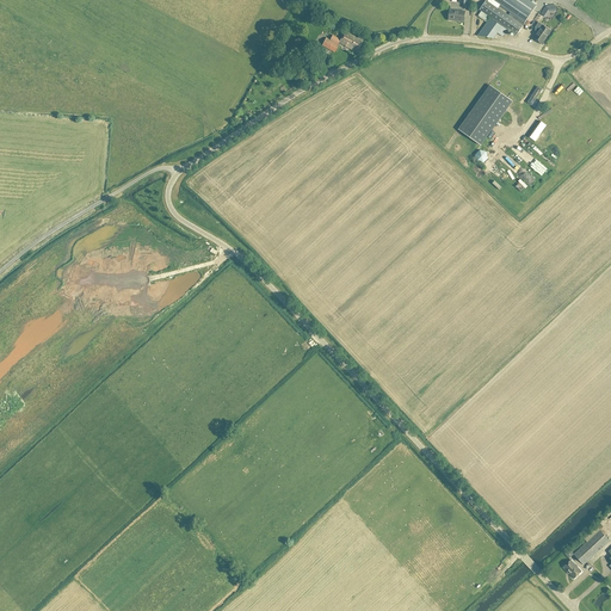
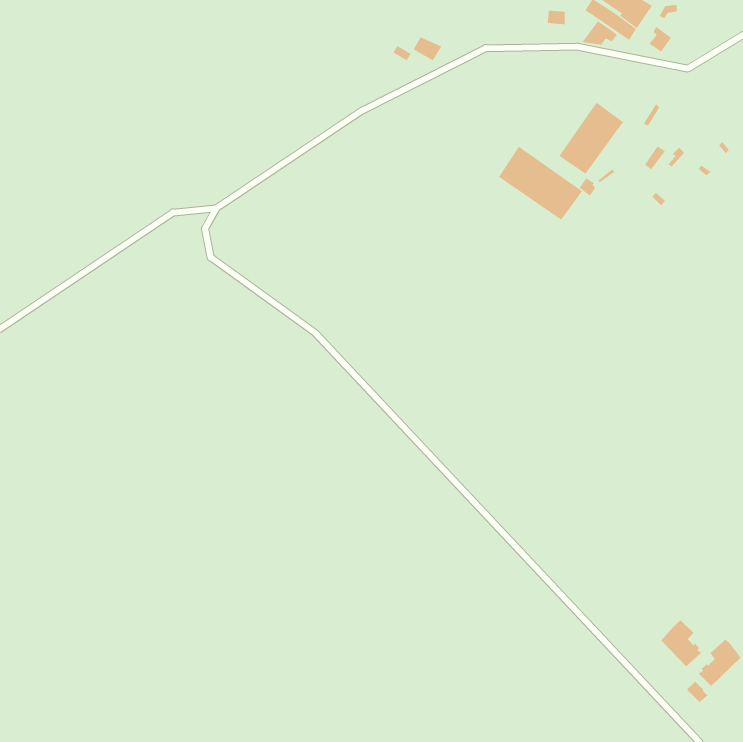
building: none -> [498,146,583,221]
building: none -> [661,619,702,667]

